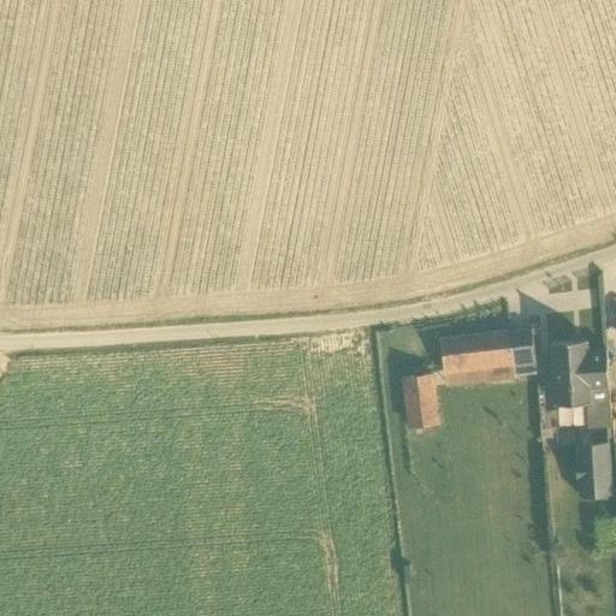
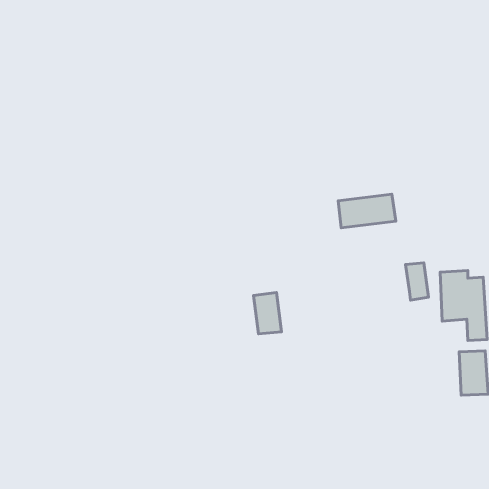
building: [442,333,514,375] -> [338,194,396,228]
building: [403,375,438,427] -> [254,293,281,334]

